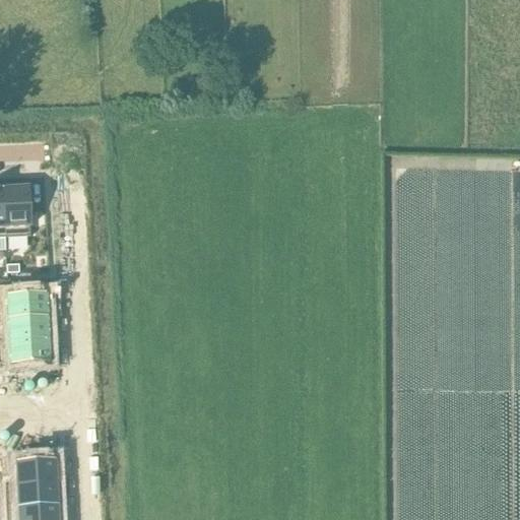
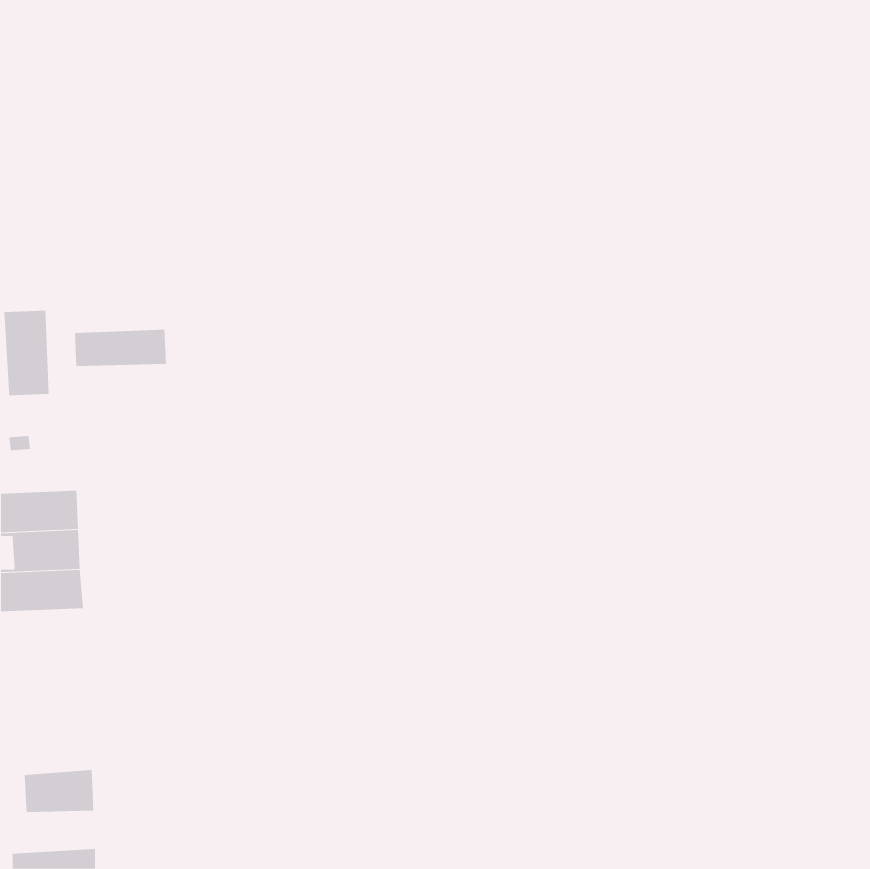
building: none -> [75,329,166,367]
building: [9,480,60,506] -> none

